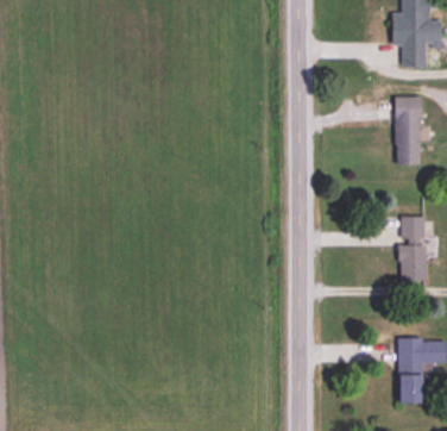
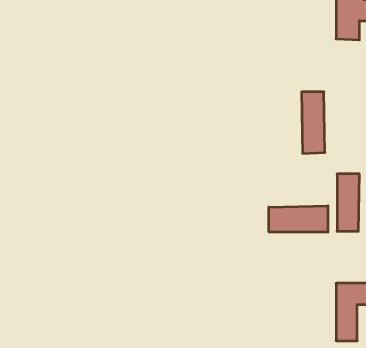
building: [395,98,421,167] -> [302,92,325,153]
building: none -> [269,206,328,232]

